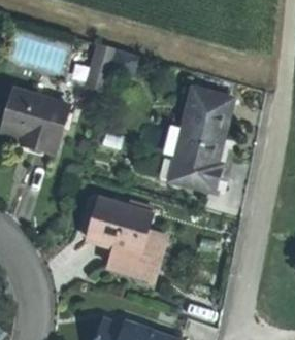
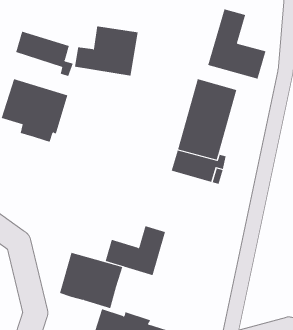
building: none -> [208,8,266,79]
building: none -> [15,31,74,77]
building: [87,201,150,257] -> [59,252,123,309]

